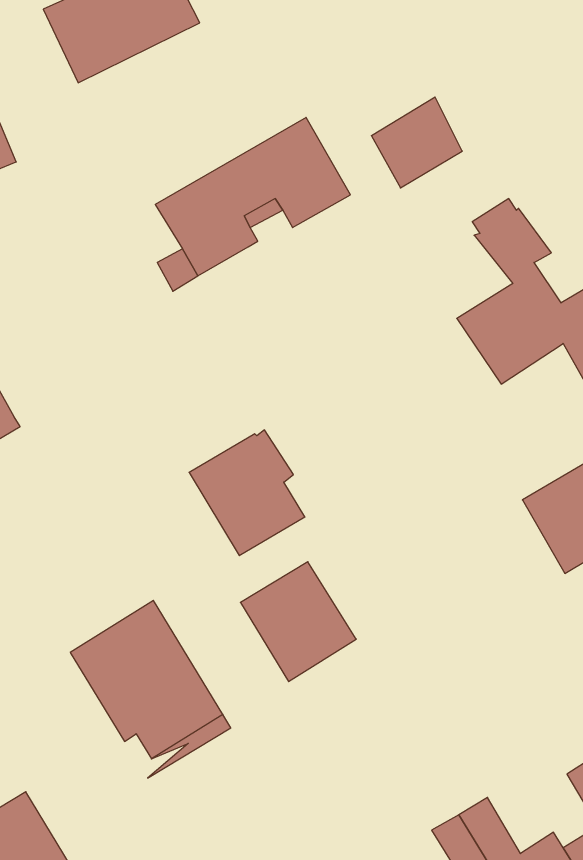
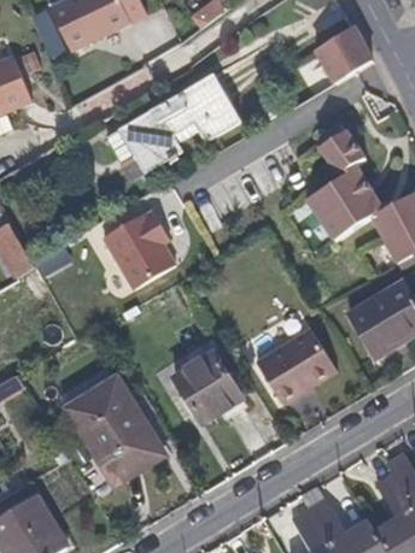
building: [371,97,462,188] -> [314,25,370,82]
building: [189,430,305,556] -> [103,210,175,288]
building: none -> [255,329,335,405]

